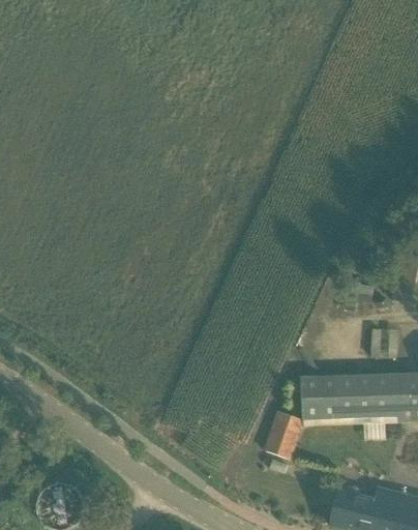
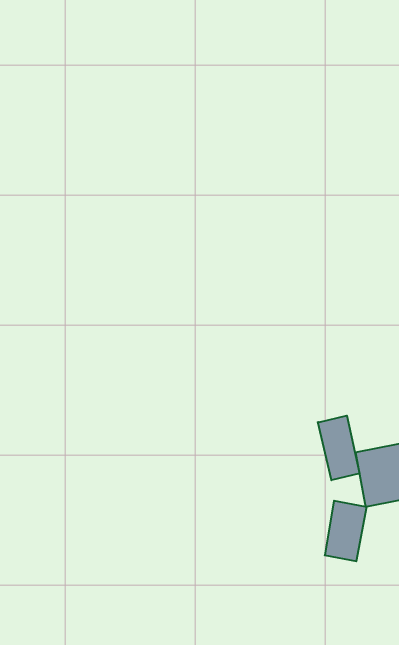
building: none -> [318,416,359,480]

